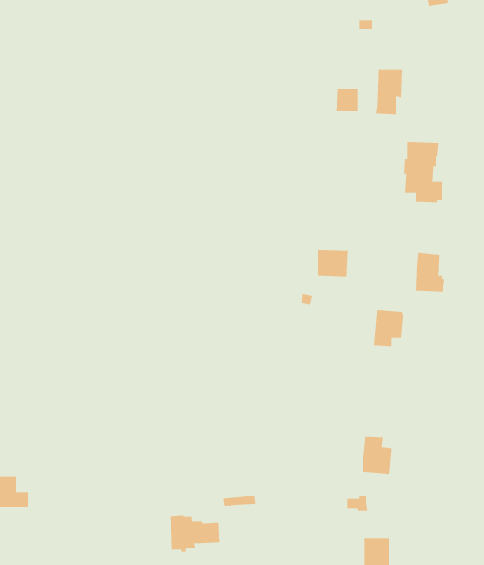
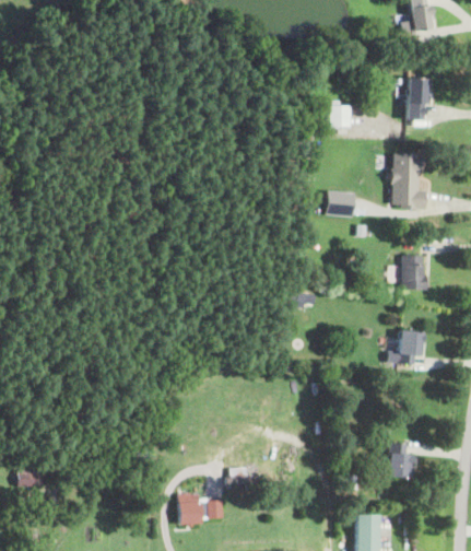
building: [375,69,403,115] -> [407,79,432,120]
building: [317,249,348,277] -> [327,190,355,215]
building: [373,309,404,347] -> [399,330,427,364]
building: [362,436,392,475] -> [389,444,416,479]

